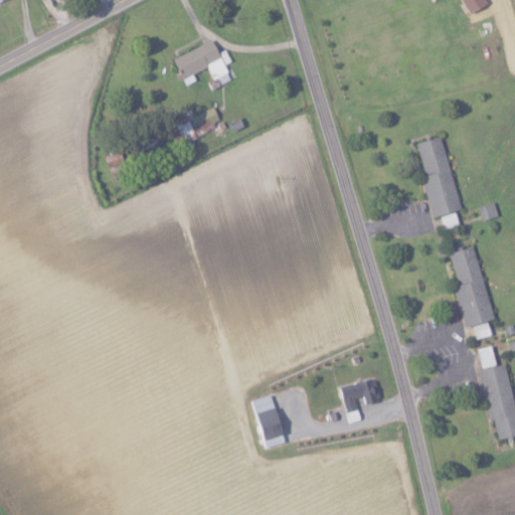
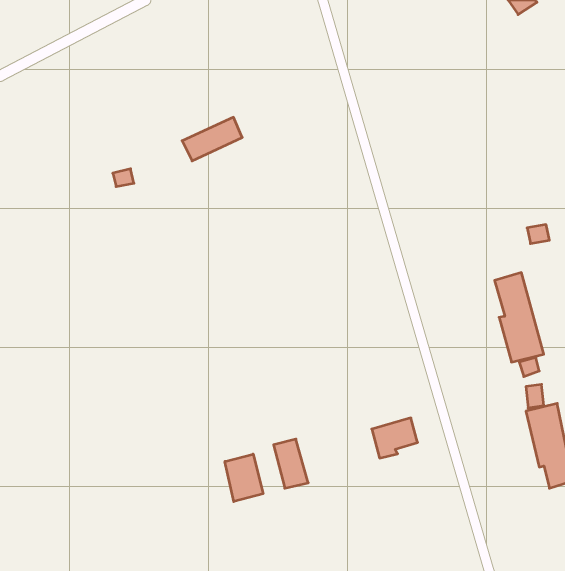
building: [174,40,226,78] -> none
building: [418,135,463,228] -> none
building: none -> [225,454,263,502]

